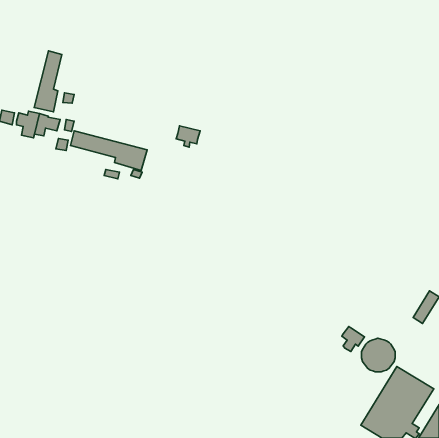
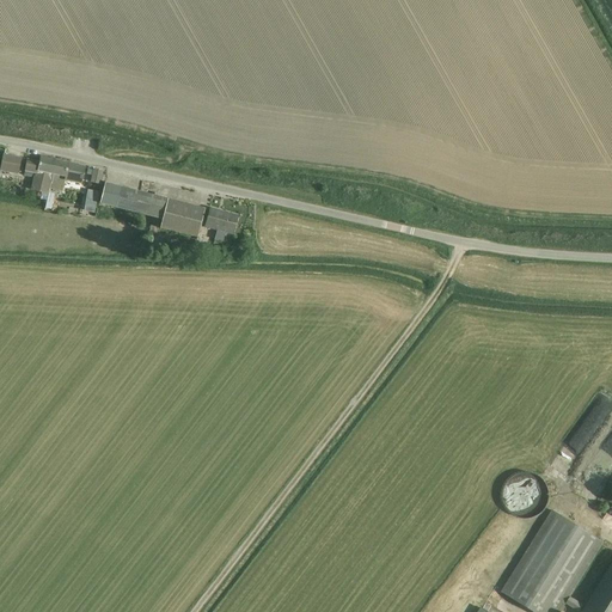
building: [34,51,62,112] -> none
building: [176,126,200,147] -> [203,207,237,237]
building: [342,326,364,351] -> none

